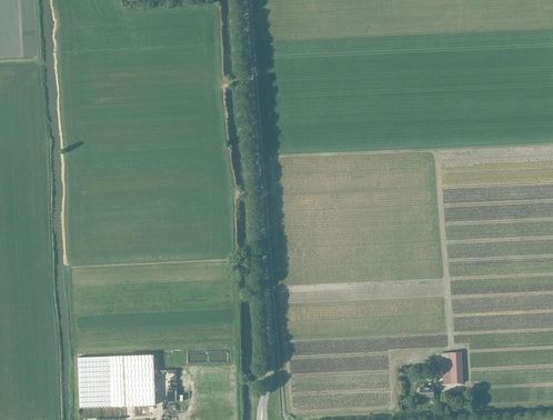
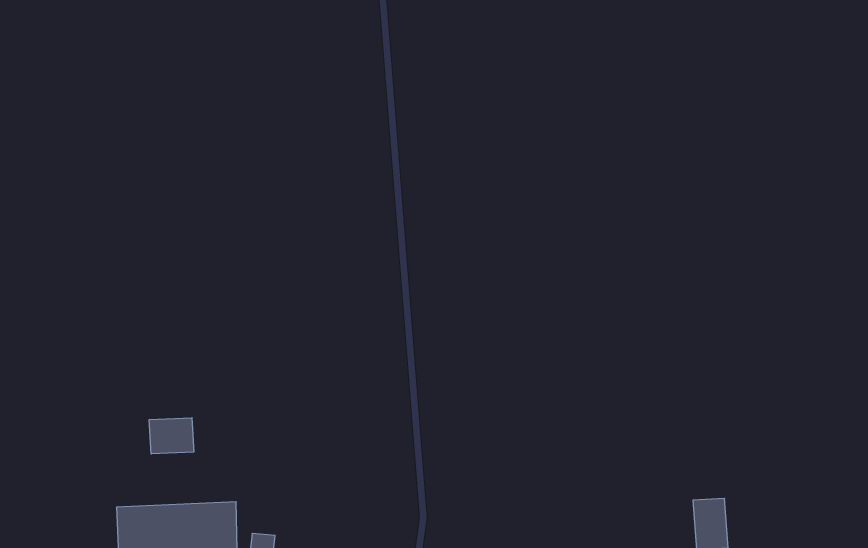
building: none -> [149,418,194,454]

